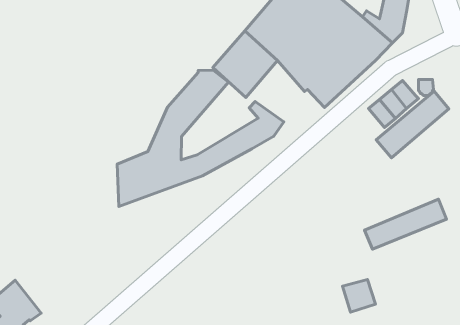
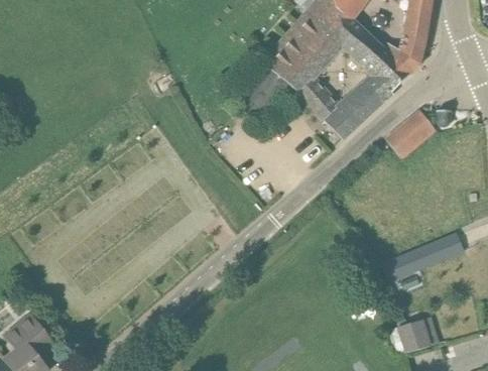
building: [117,70,284,207] -> none
building: [376,91,449,158] -> none
building: [343,279,376,312] -> [398,320,432,353]

